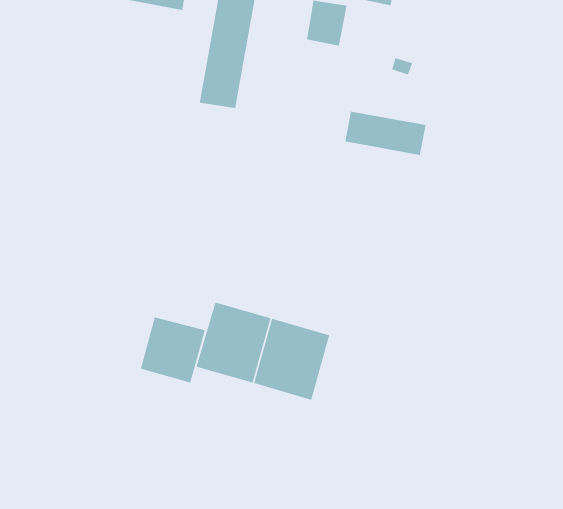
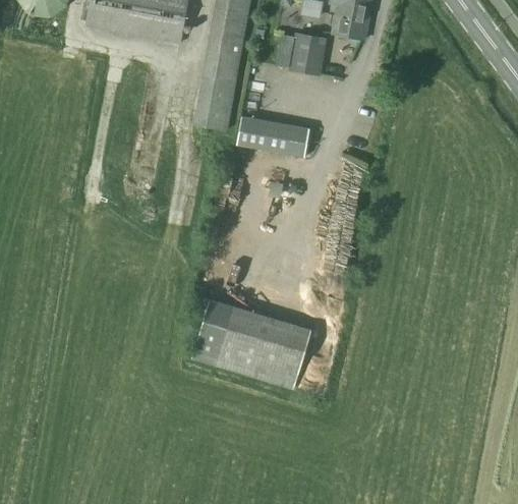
building: [345,111,426,156] -> [237,114,309,154]
building: [140,317,206,383] -> none

